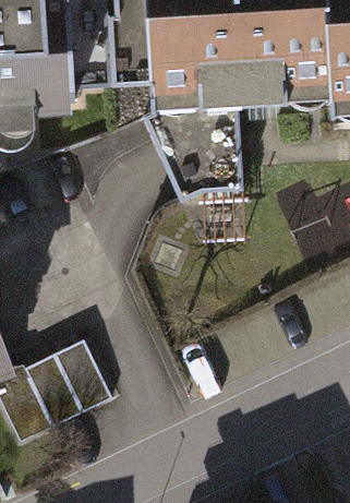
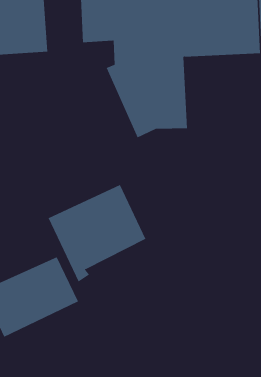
building: none -> [48,184,146,283]

